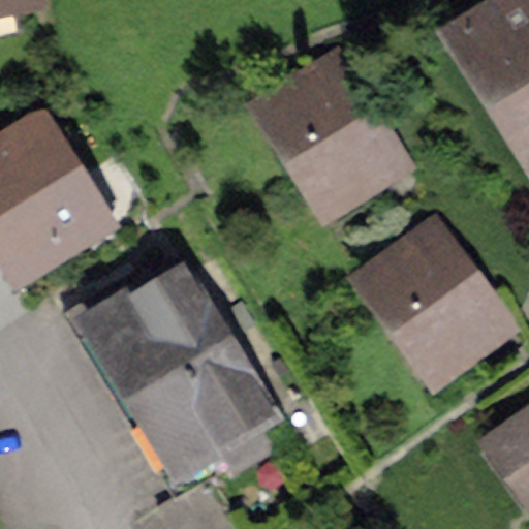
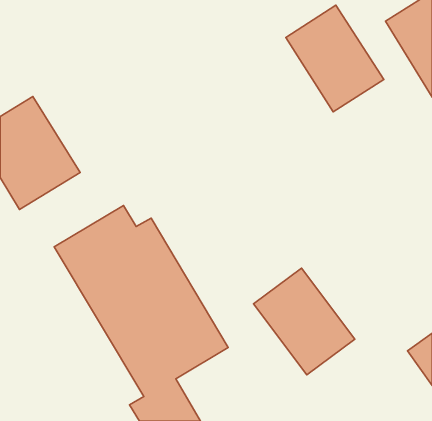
building: [276,58,396,188] -> [286,5,384,112]
building: [375,224,499,354] -> [253,268,355,375]

